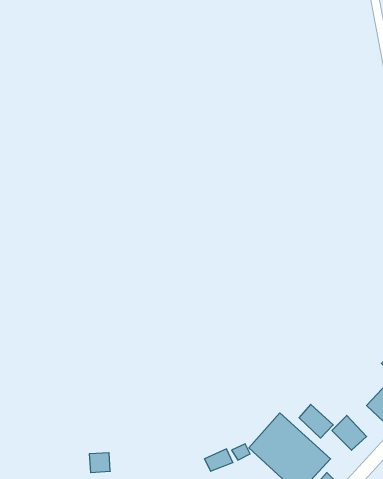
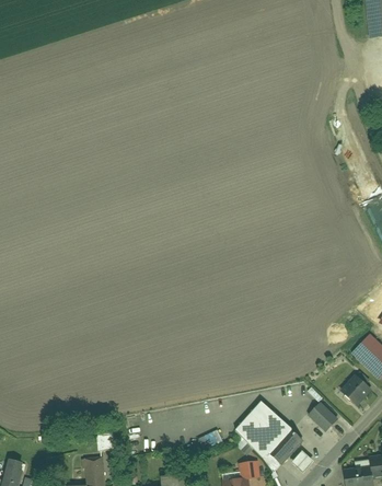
building: [299,404,333,438] -> none

